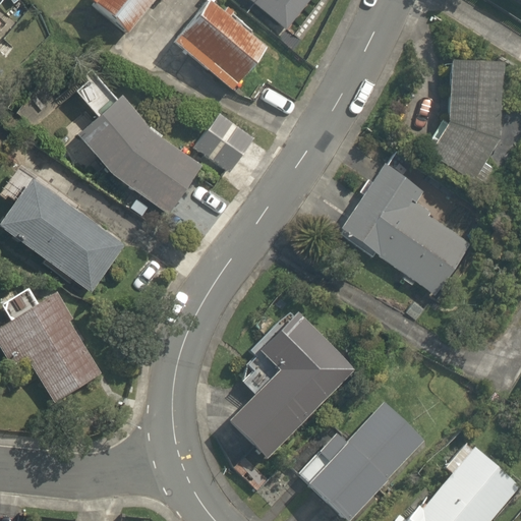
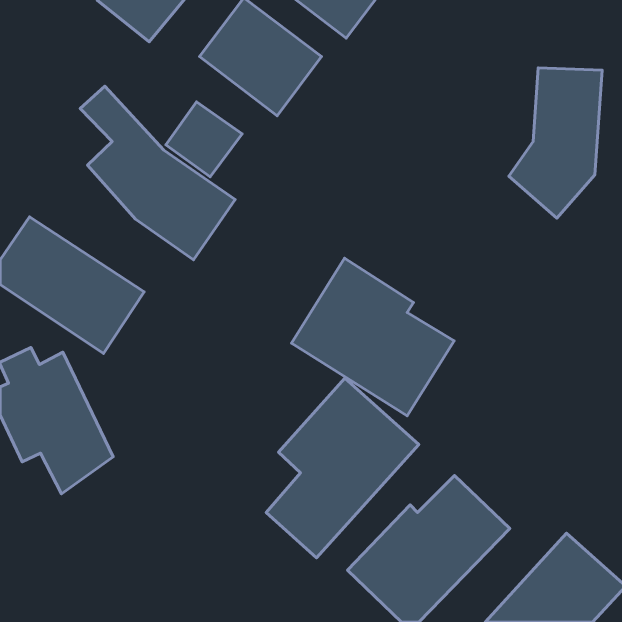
building: [194,109,257,171] -> [166,102,242,177]
building: [342,165,476,295] -> [292,258,454,416]

